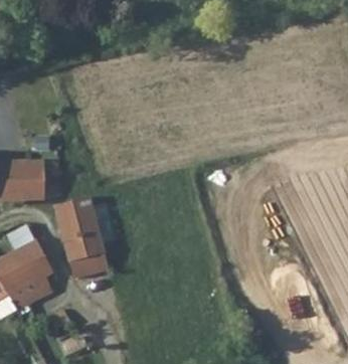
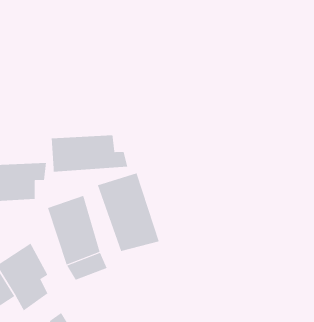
building: none -> [51,134,128,172]
building: none -> [97,172,160,252]

